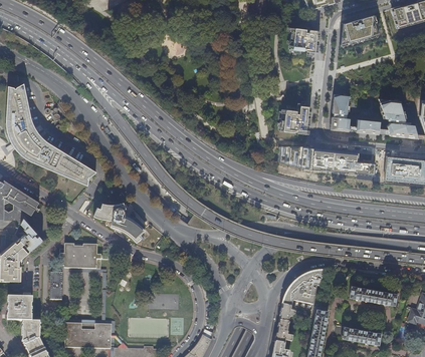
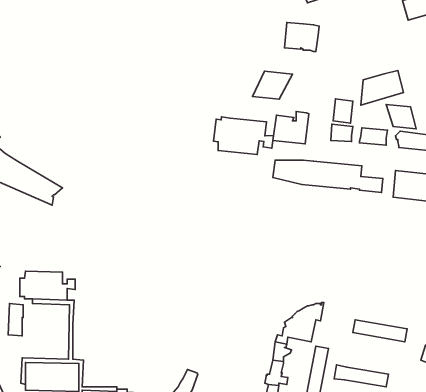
building: [340,14,377,44] -> [361,71,404,105]
building: none -> [253,71,293,99]
building: none -> [213,117,273,155]
building: [92,202,145,242] -> none

